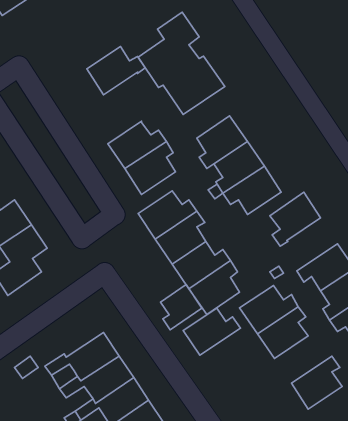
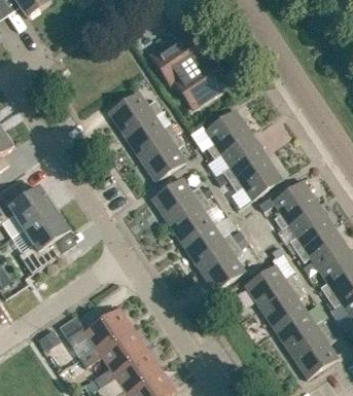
building: [87,46,145,95] -> [108,91,162,135]
building: none -> [287,203,333,251]
building: [160,285,202,330] -> none
building: [183,308,240,355] -> [276,311,328,354]

